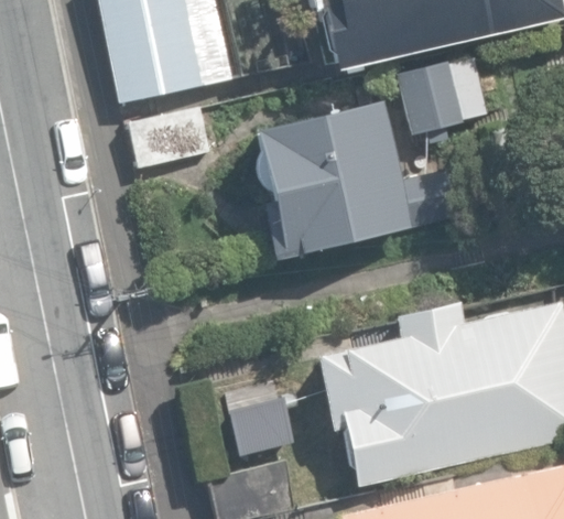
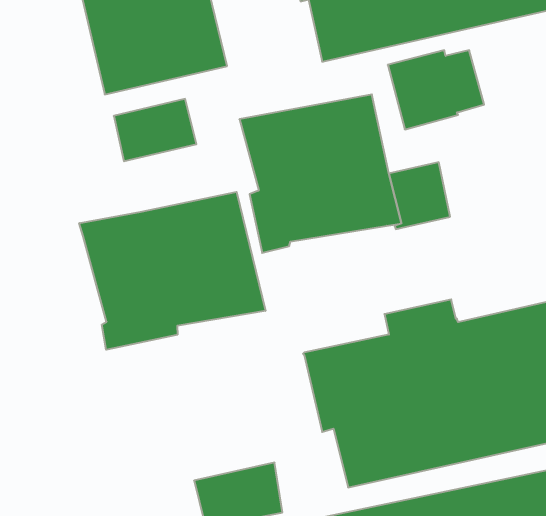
building: none -> [79,192,265,350]

